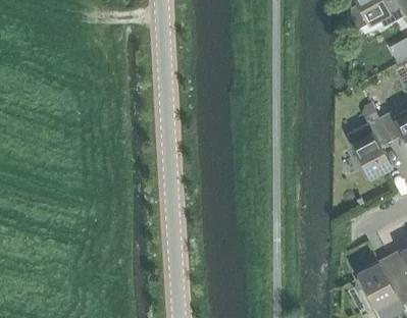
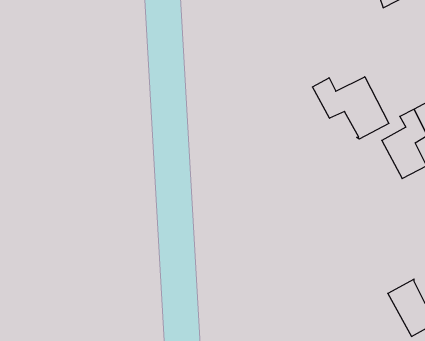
building: none -> [312,77,389,139]

